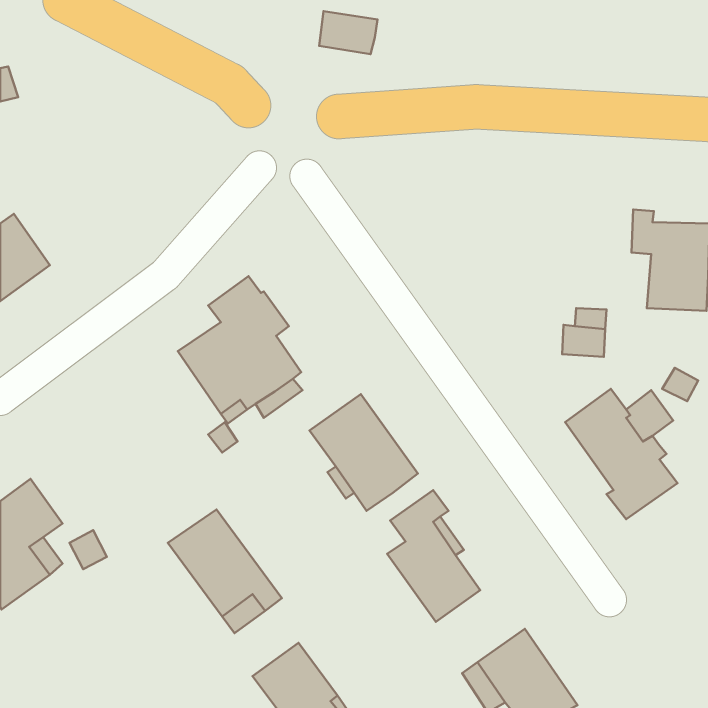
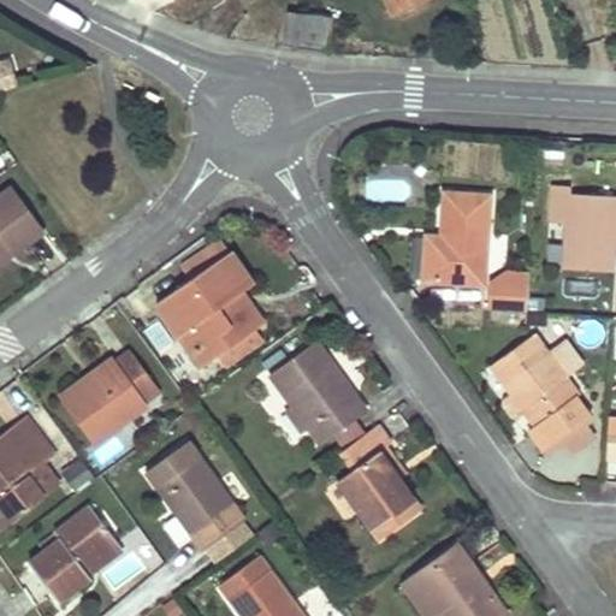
building: none -> [424,191,490,283]
building: none -> [64,355,159,444]
building: none -> [30,513,120,604]

